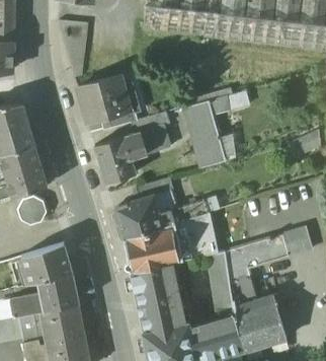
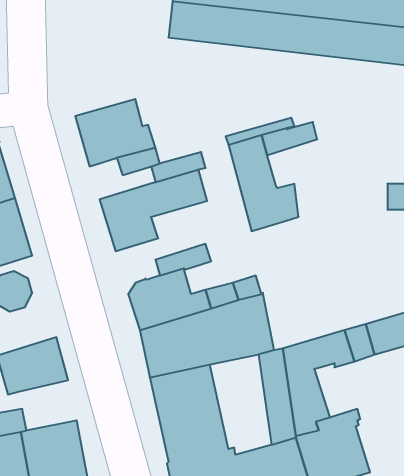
building: [59,21,87,78] -> none
building: [36,274,78,309] -> none

